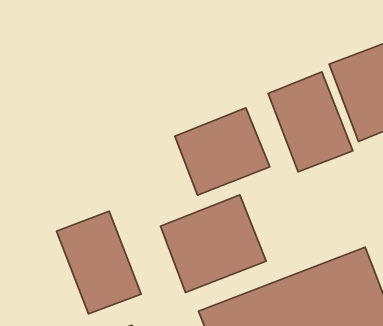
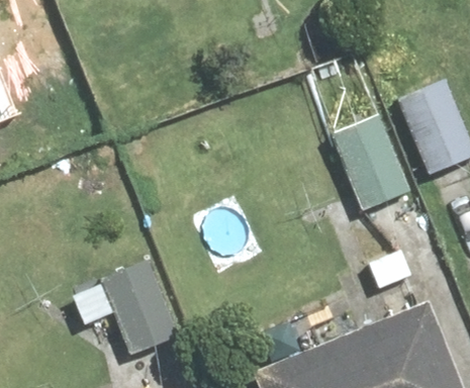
building: [175,108,270,195] -> none
building: [161,195,266,293] -> none

